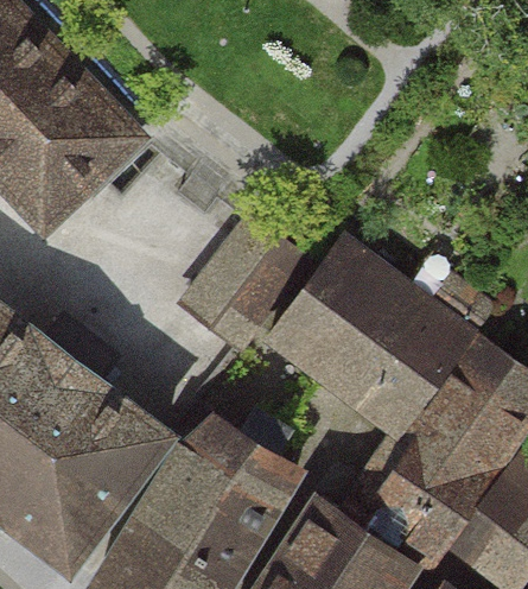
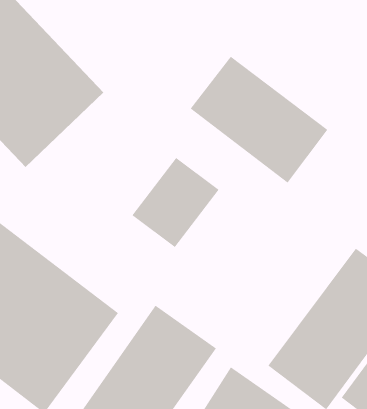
building: none -> [190,56,328,183]
building: [268,239,470,433] -> none

